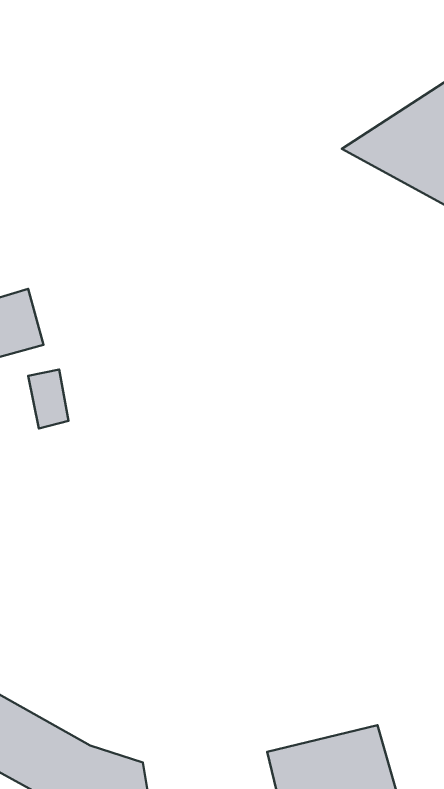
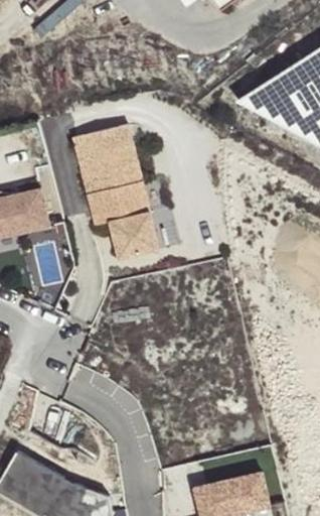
building: none -> [72,124,156,259]

